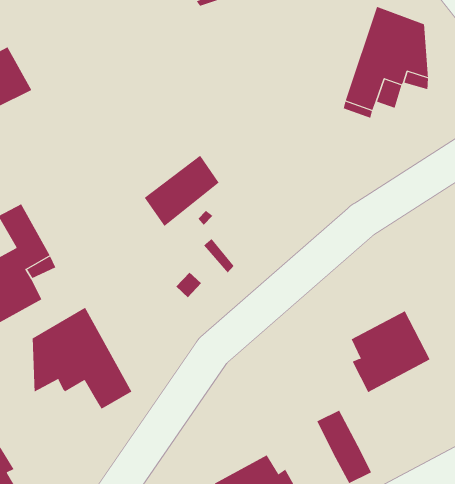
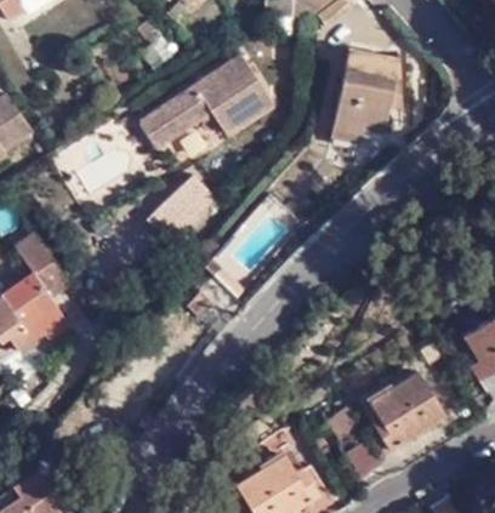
building: none -> [142,47,268,148]
building: [32,307,132,409] -> none
building: [351,310,431,393] -> [368,371,443,450]

